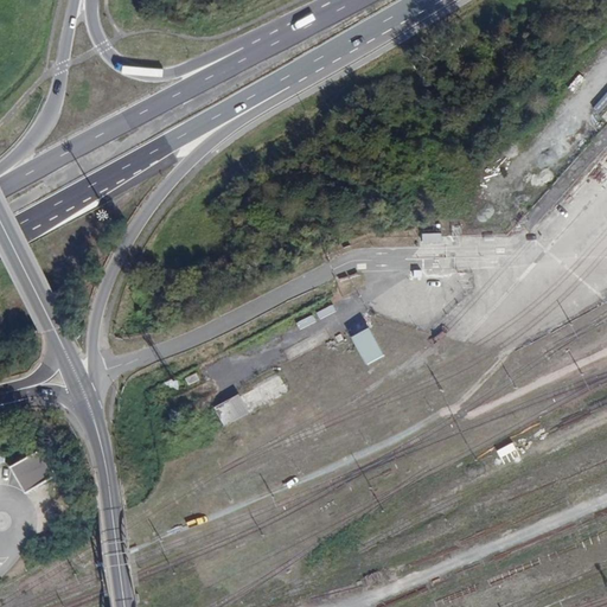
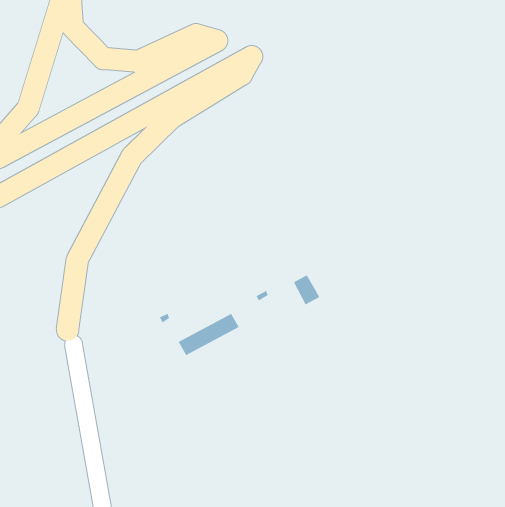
building: [7,449,53,492] -> none

